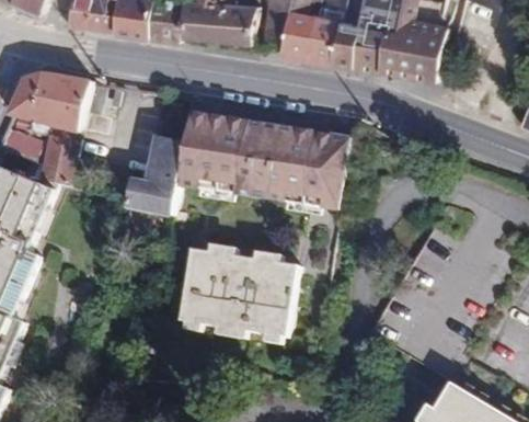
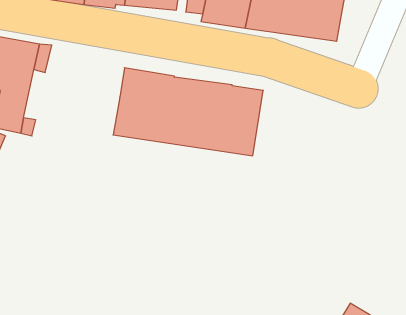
building: [122,137,184,237] -> none
building: [180,249,297,337] -> none

